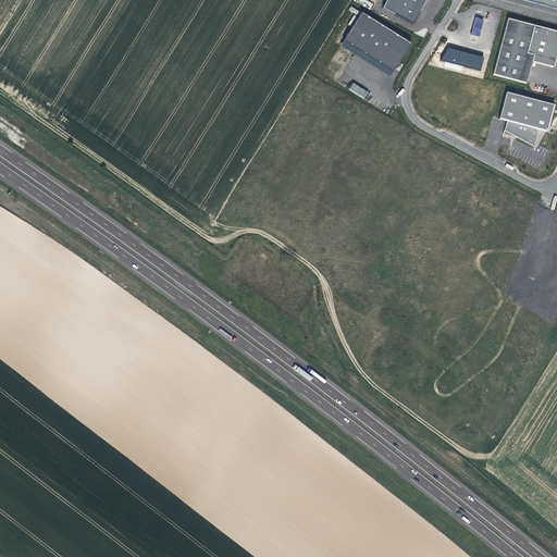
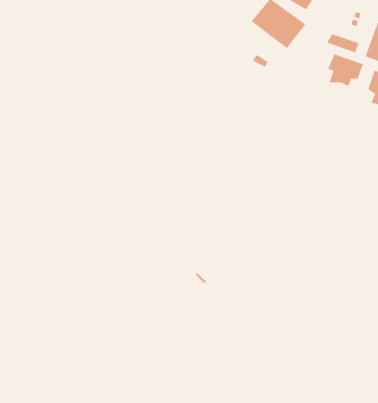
building: none -> [328,53,364,87]

